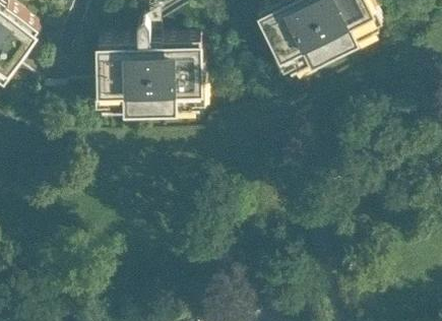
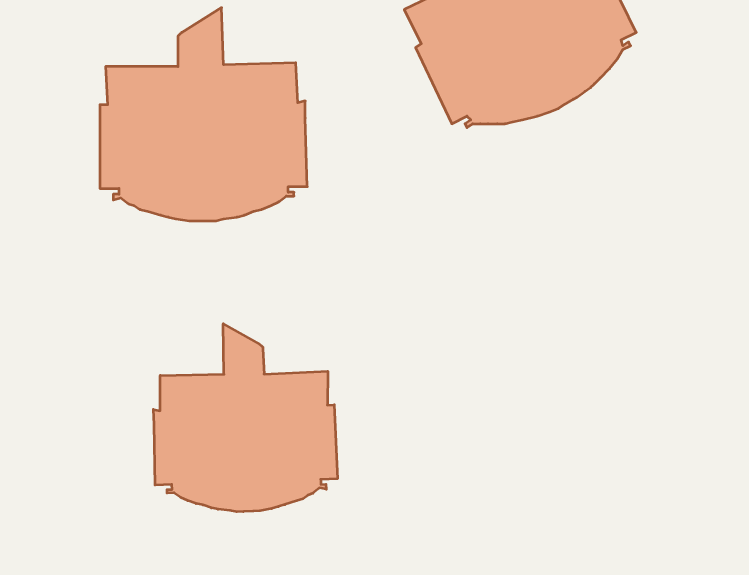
building: none -> [153,324,337,512]

